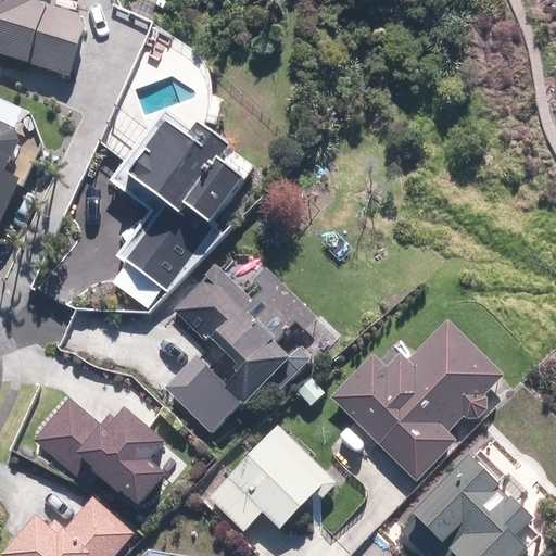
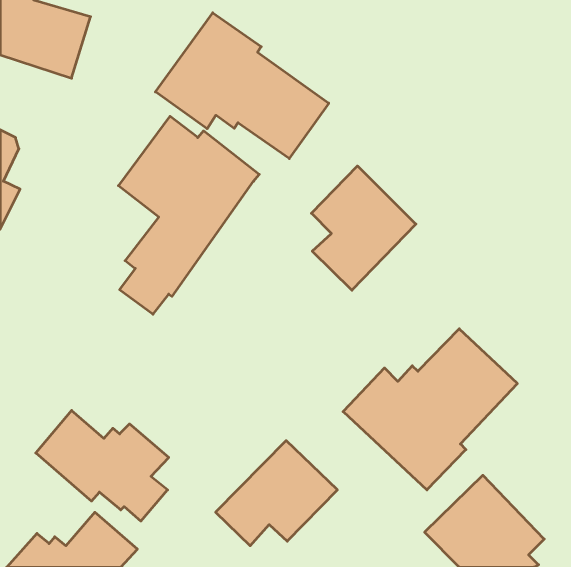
building: none -> [155,13,329,159]
building: none -> [311,166,416,290]
building: [165,266,318,431] -> none

